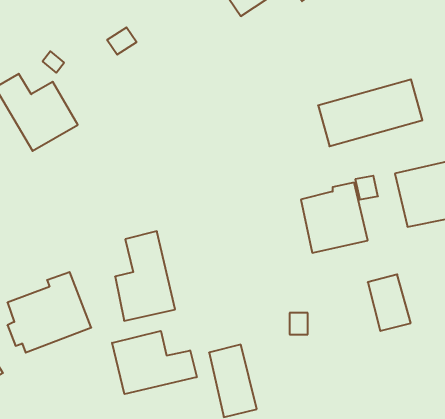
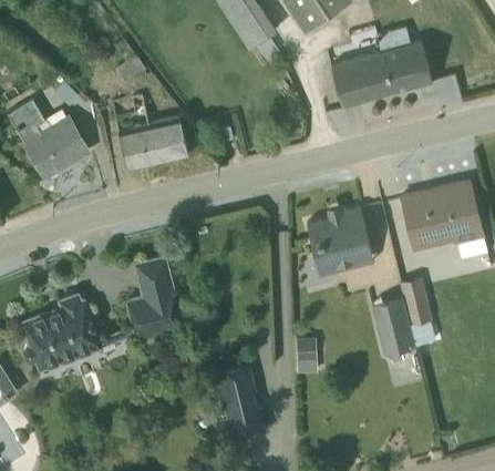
building: none -> [112,98,187,170]
building: [318,79,422,146] -> [330,41,432,106]
building: none -> [398,278,436,345]
building: [112,331,197,394] -> none

